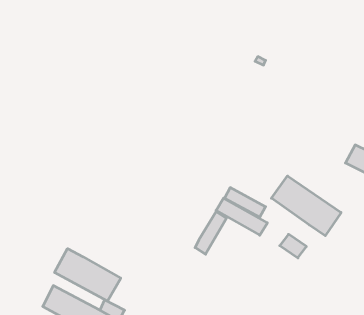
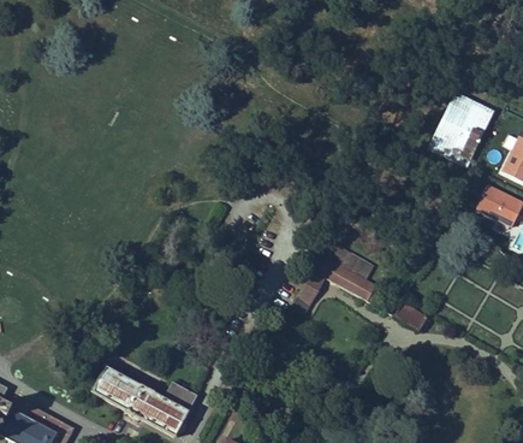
building: none -> [428,91,494,166]
building: [271,176,341,236] -> none
building: [55,249,121,301] -> none

